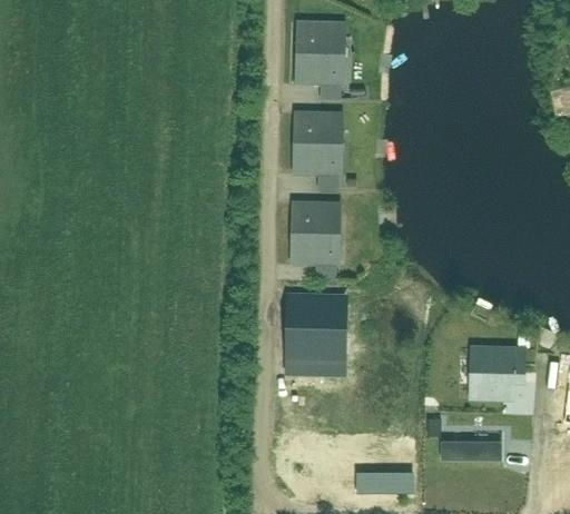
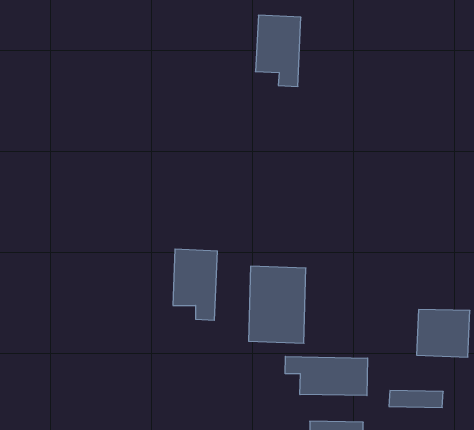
building: [292,108,342,187] -> none
building: [288,196,338,276] -> [173,249,217,320]
building: none -> [285,356,368,396]

